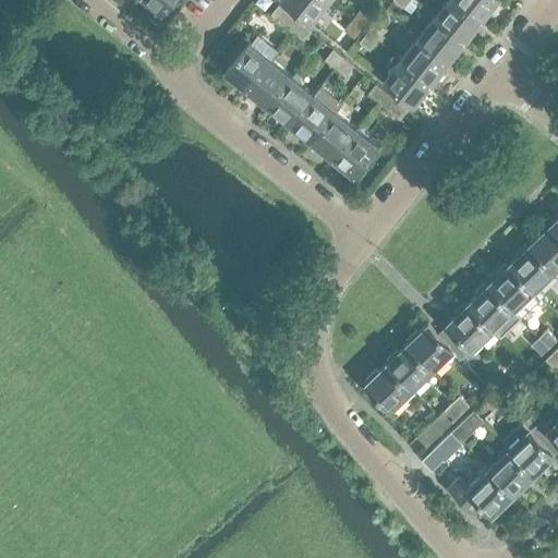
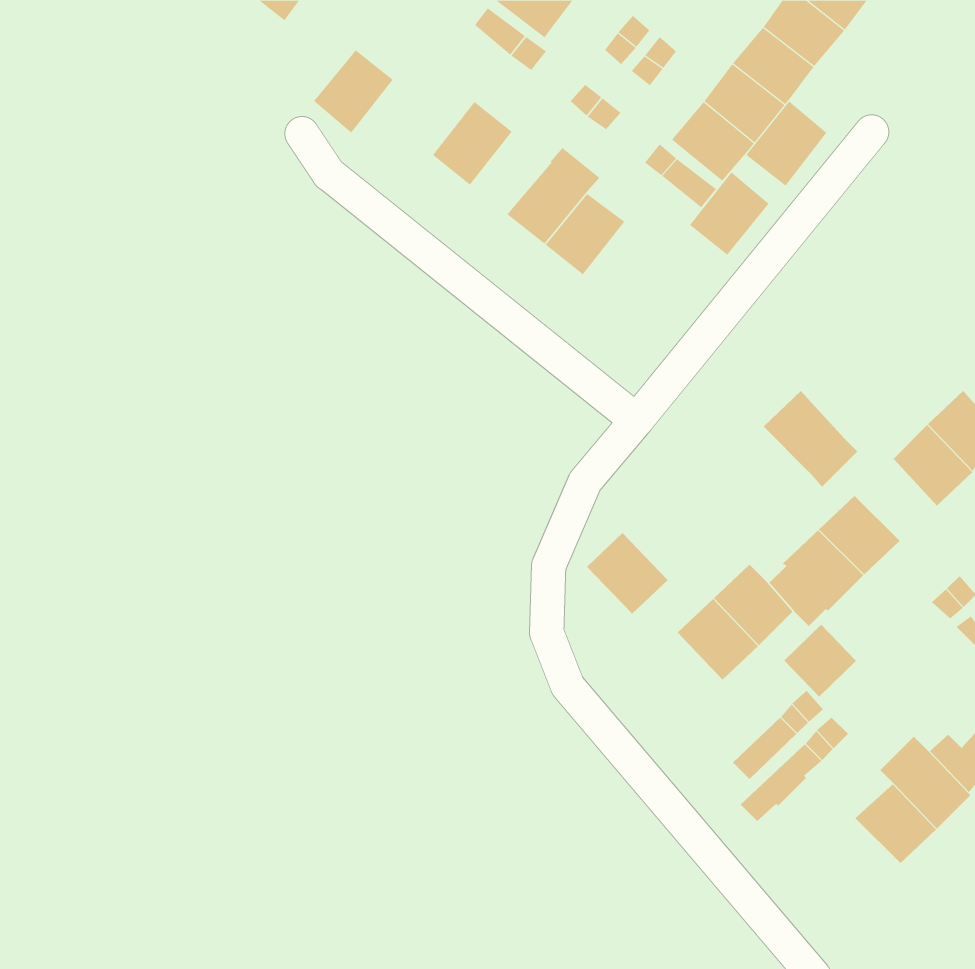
building: [226,45,271,93] -> [313,49,394,133]
building: none -> [746,101,827,187]
building: [269,80,315,126] -> none
building: [333,131,379,179] -> [689,171,770,256]
building: [488,266,543,322] -> [763,390,858,488]
building: none -> [783,624,857,698]
building: [366,365,413,412] -> [586,532,668,614]
building: [449,471,514,518] -> none

